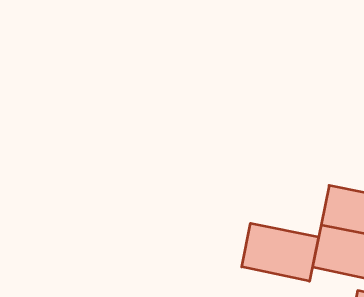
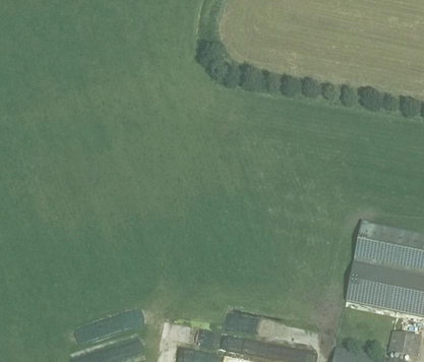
building: [242,223,319,281] -> none

